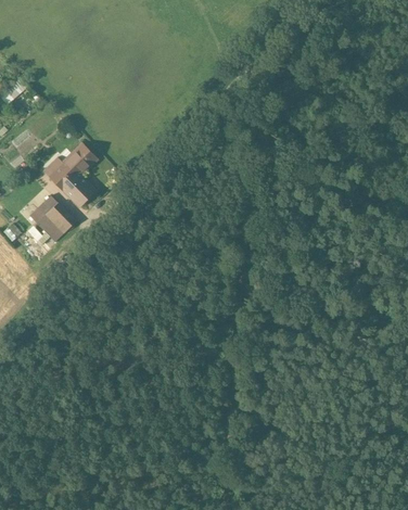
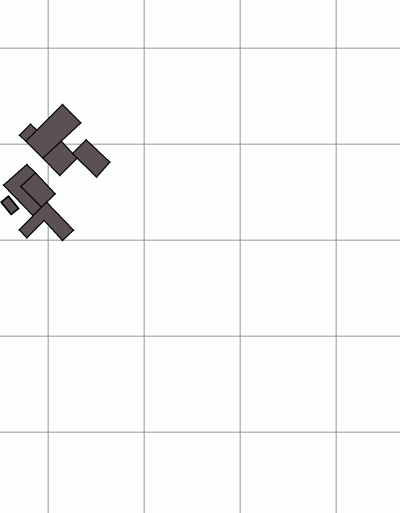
building: none -> [73,140,110,177]
building: none -> [19,202,73,240]

